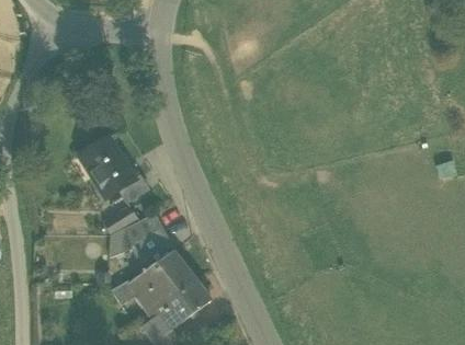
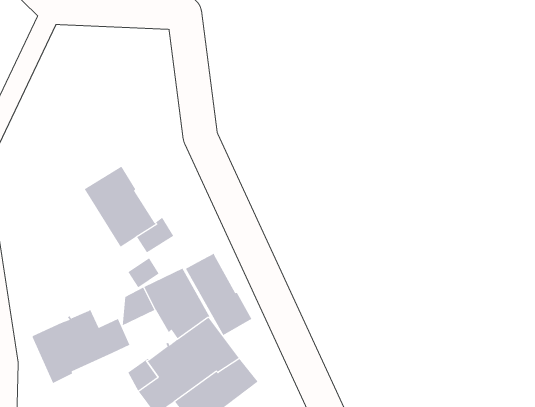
building: none -> [185,253,252,336]
building: none -> [32,309,130,384]

